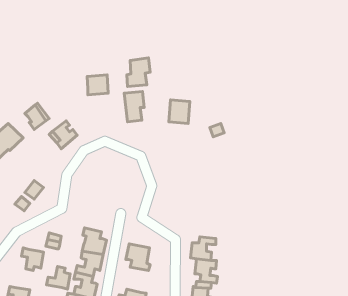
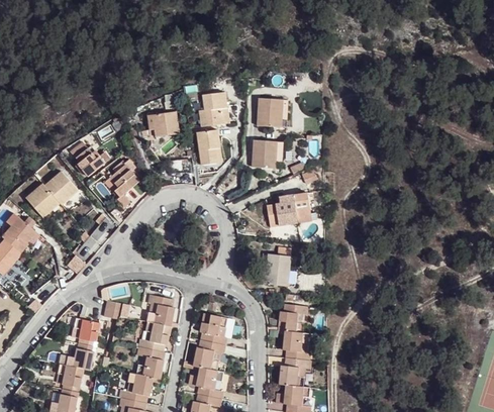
building: none -> [257,98,283,127]
building: none -> [265,194,315,229]
building: none -> [266,247,292,286]
building: [47,266,70,289] -> [66,343,94,371]
building: none -> [193,340,226,372]

